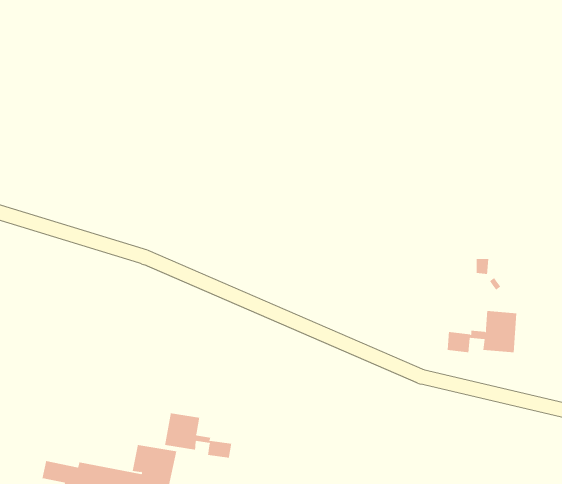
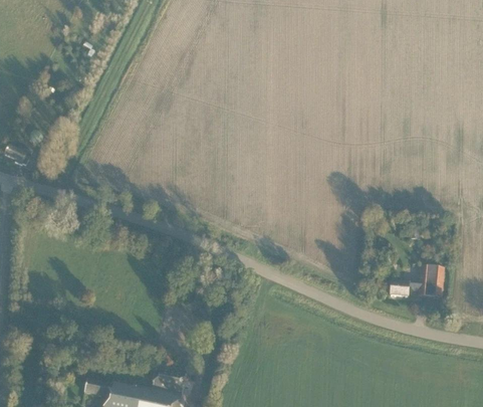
building: [165,413,232,459] -> none

